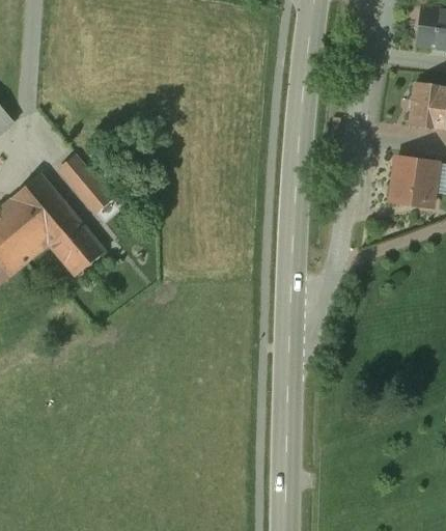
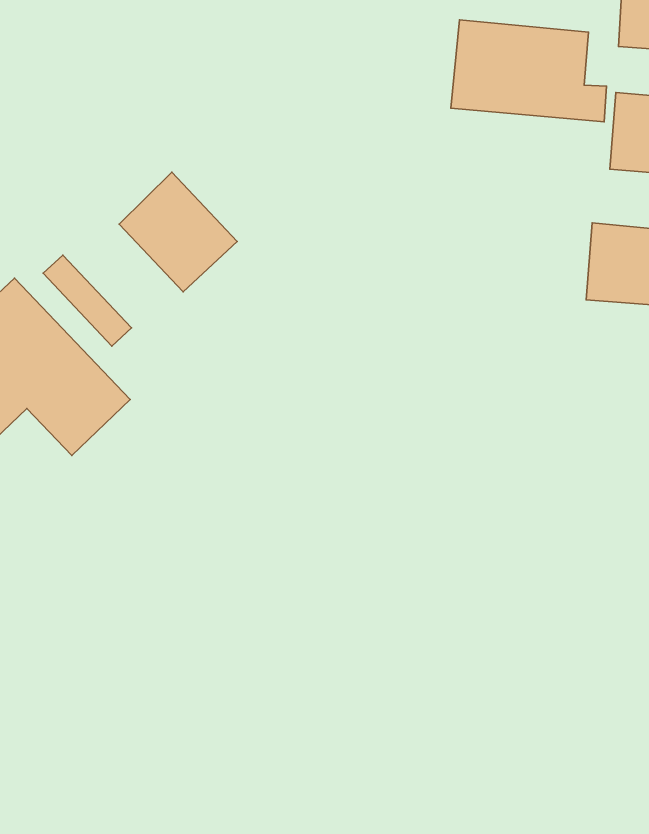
building: none -> [451,20,606,122]
building: none -> [119,172,237,292]

